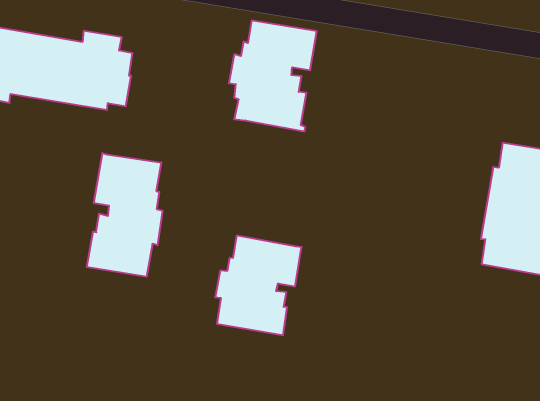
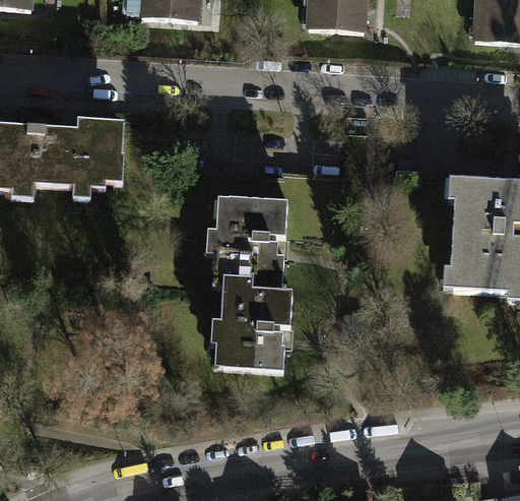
building: [229,21,317,131] -> [214,197,287,291]
building: [87,153,163,277] -> none

